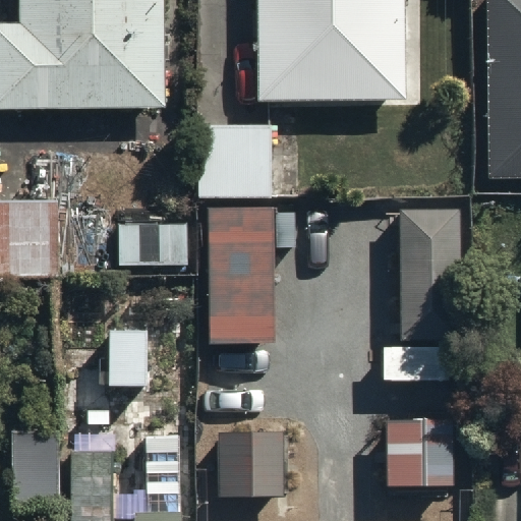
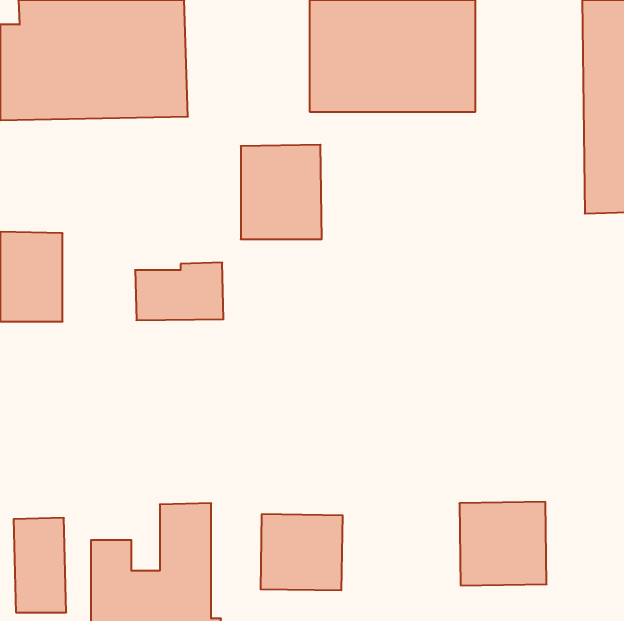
building: [214,207,276,338] -> none
building: [396,210,459,342] -> none

